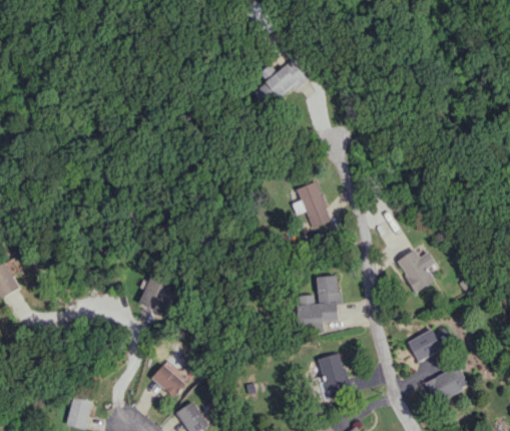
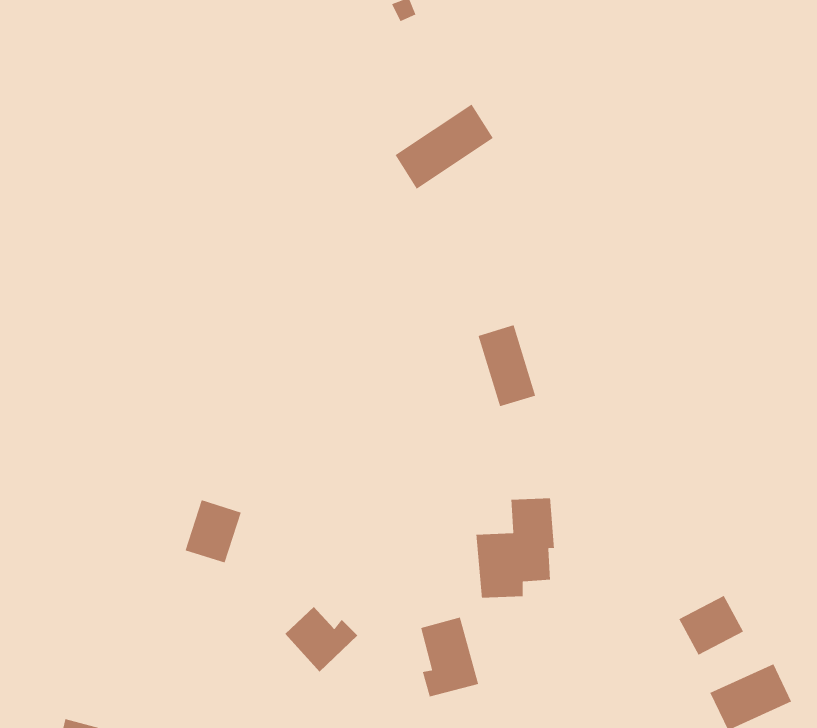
building: [397,250,436,292] -> none
building: [318,353,350,397] -> [420,616,479,697]
building: [151,361,191,397] -> [284,606,358,672]

